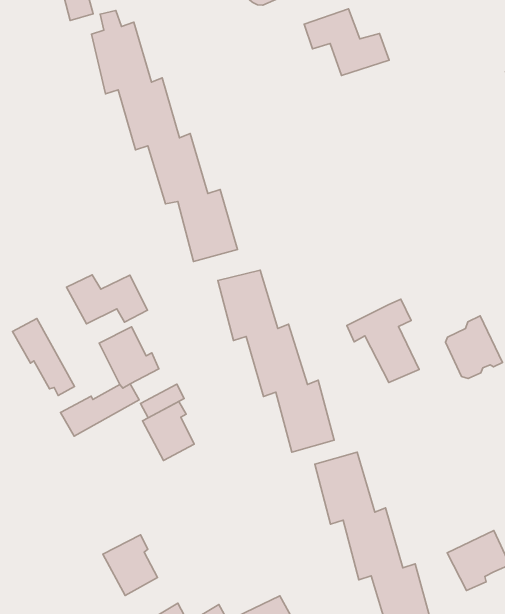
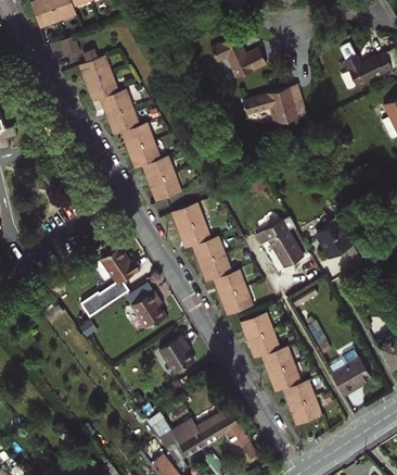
building: none -> [244,85,306,124]
building: [66,275,148,324] -> none
building: [13,319,74,396] -> none
building: [103,535,158,596] -> [157,335,193,374]

